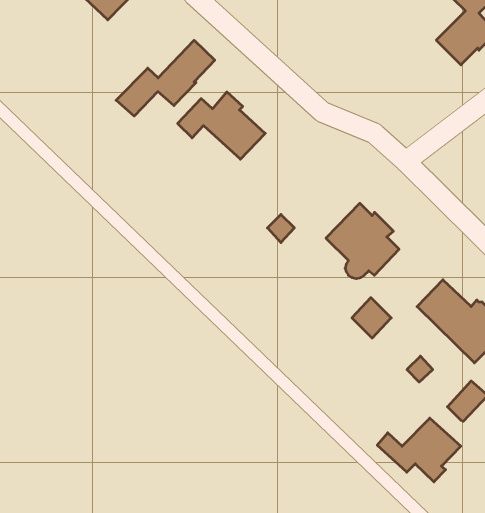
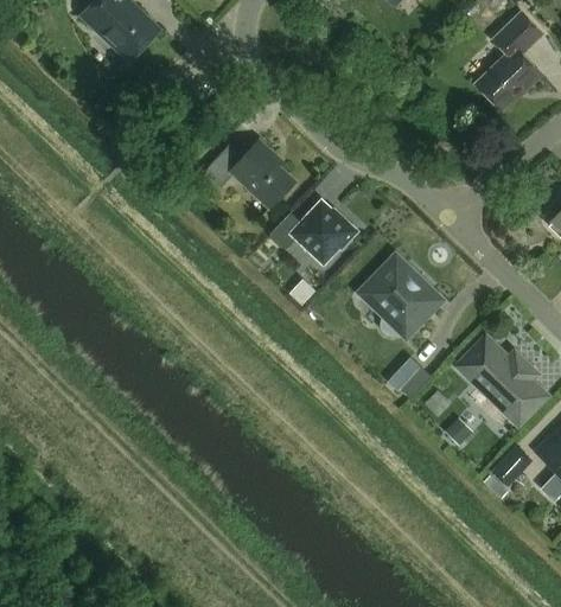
building: [116,40,215,116] -> none
building: none -> [270,200,358,263]
building: [377,418,461,482] -> none

